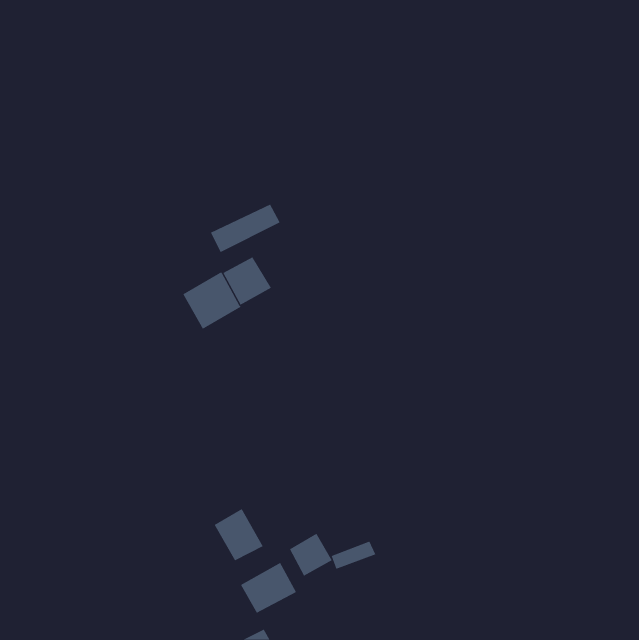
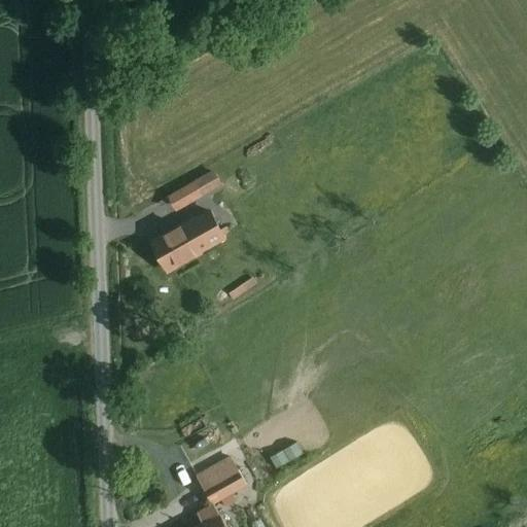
building: [214,508,264,561] -> none
building: [289,533,333,577] -> none

